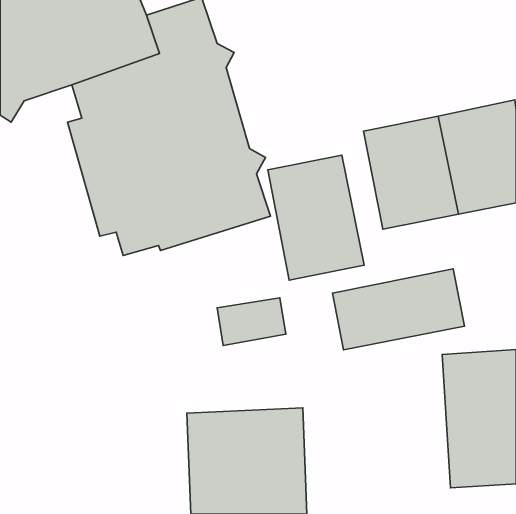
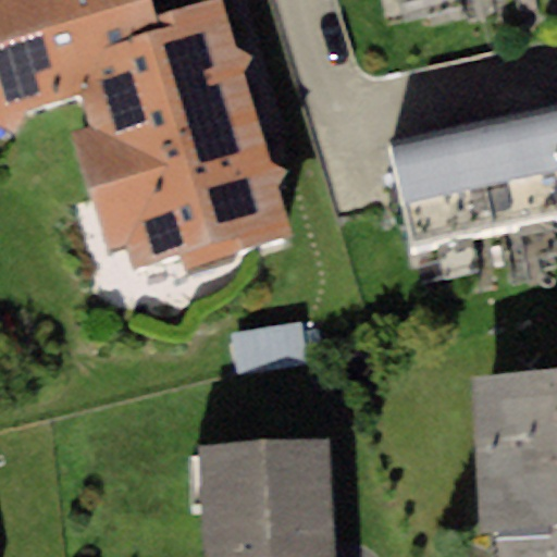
building: [268,155,364,280] -> none
building: [332,269,465,350] -> none

